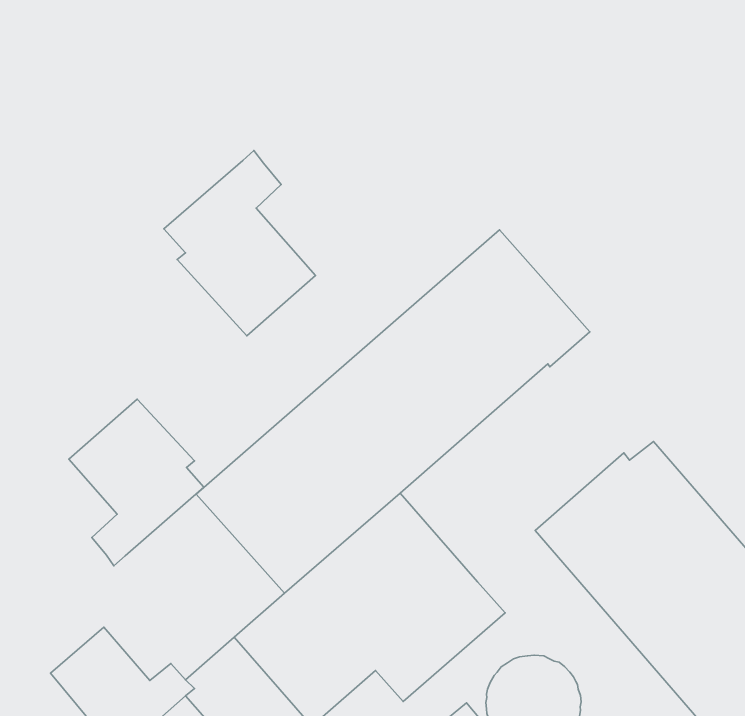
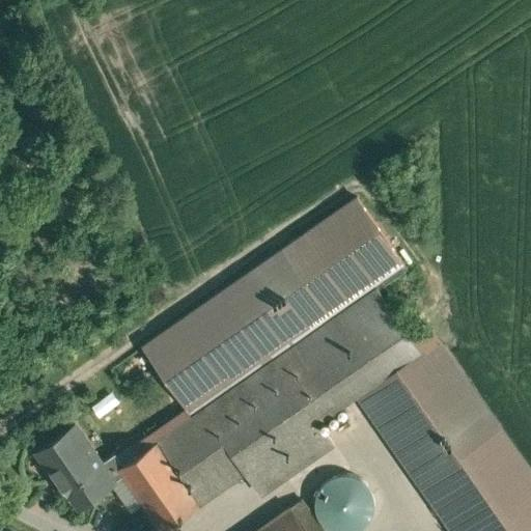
building: [164,150,315,336] -> none
building: none -> [272,290,418,425]
building: [69,399,204,566] -> none

